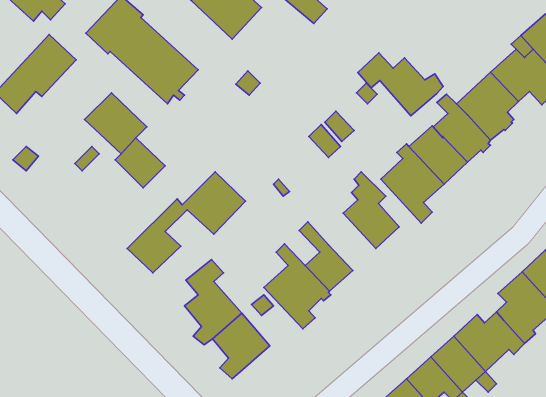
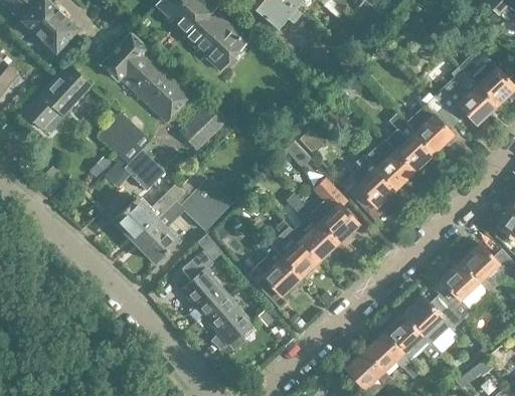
building: [358,53,443,116] -> none
building: none -> [181,104,228,150]
building: none -> [115,185,185,242]
building: none -> [286,192,342,260]

